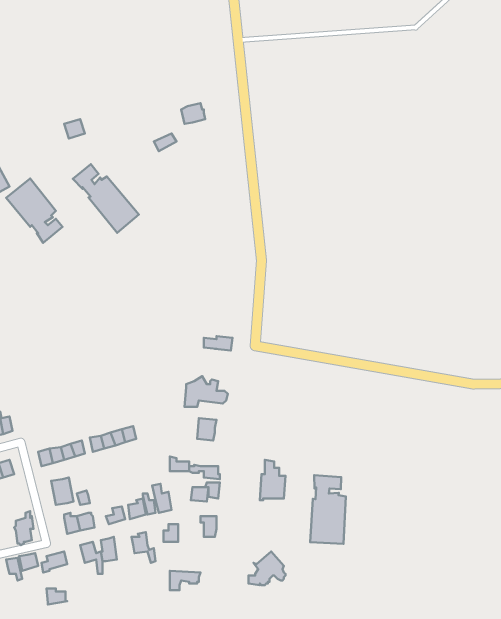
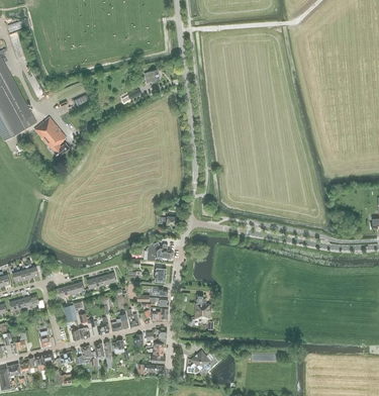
building: [73,164,139,233] -> none
building: [310,475,346,544] -> none

